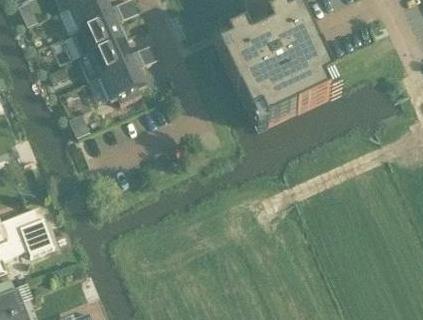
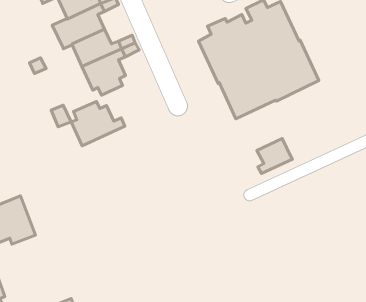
building: none -> [71,102,125,146]
building: none -> [257,138,293,173]

